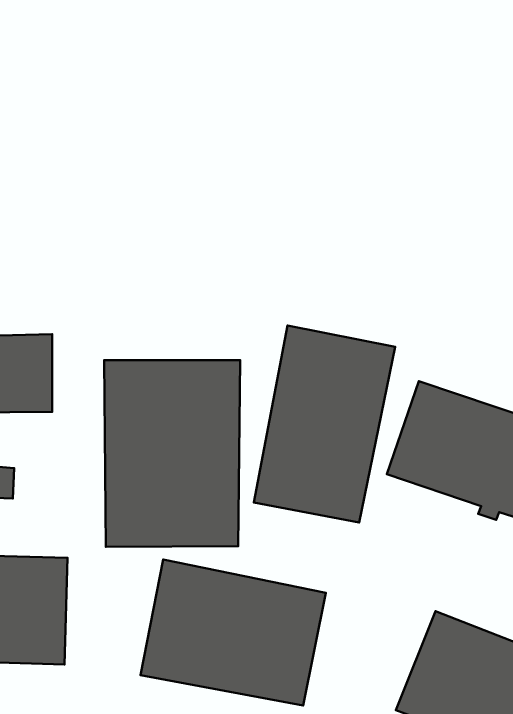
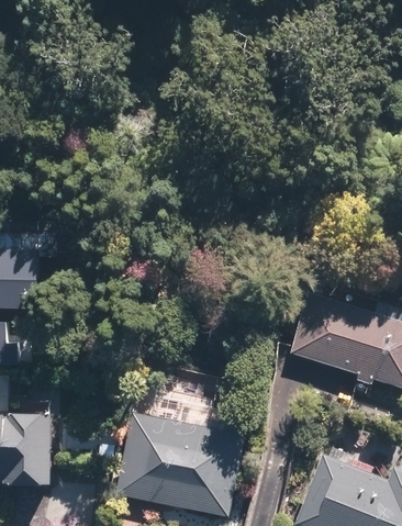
building: [254,326,395,523] -> none
building: [104,360,240,547] -> none

